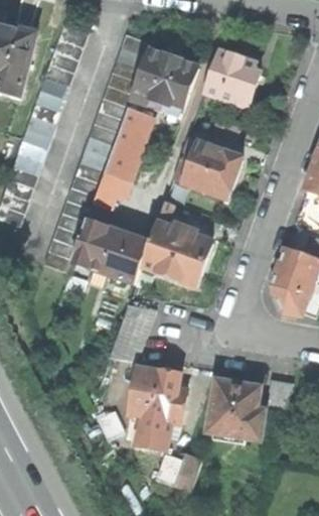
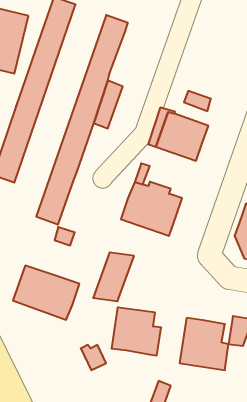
building: [129,48,196,124] -> none
building: [203,49,261,111] -> none
building: [91,155,138,221] -> none
building: [73,221,150,283] -> [13,266,79,320]
building: [139,417,175,452] -> none

